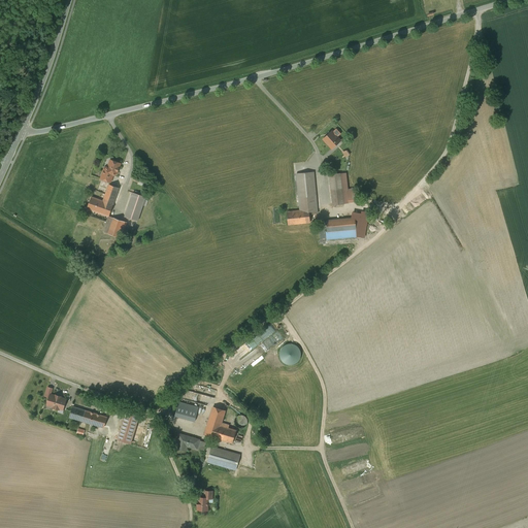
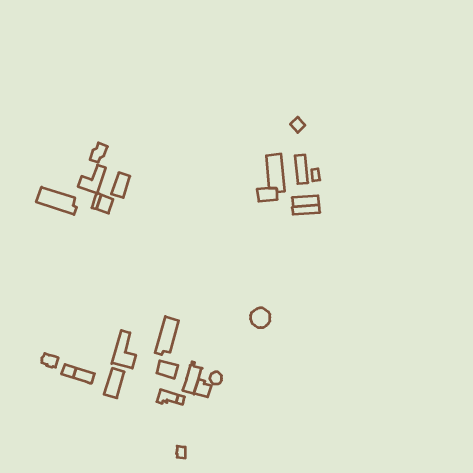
building: none -> [36,187,77,215]
building: none -> [155,316,179,355]
building: none -> [112,330,136,368]
building: [206,446,239,469] -> none

